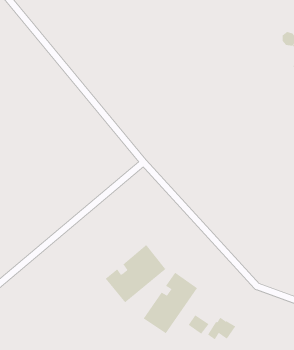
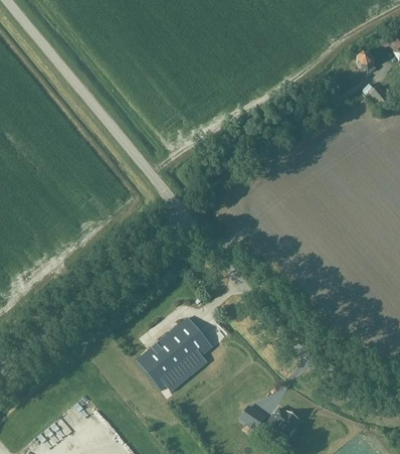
building: [143,272,198,335] -> none

